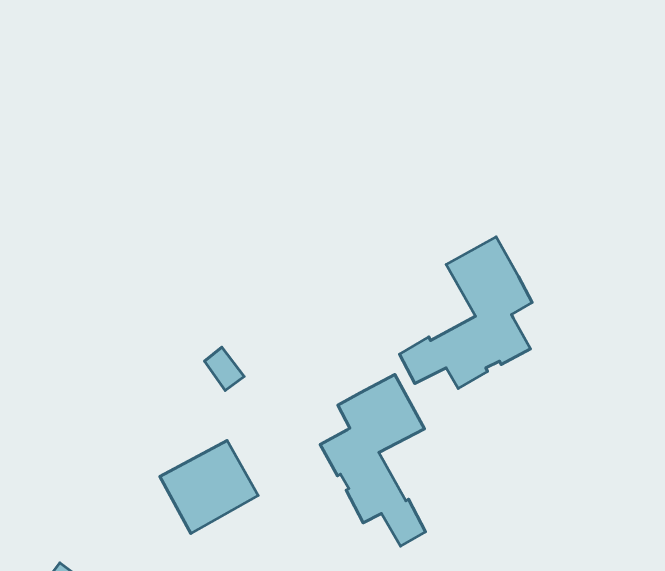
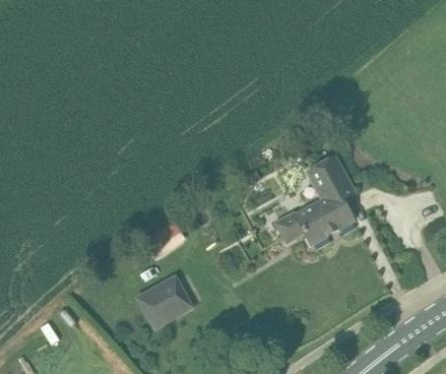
building: [320,374,425,546] -> none

